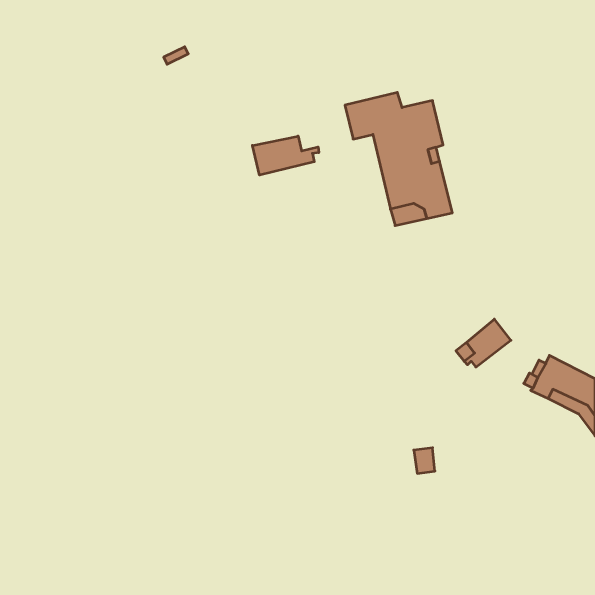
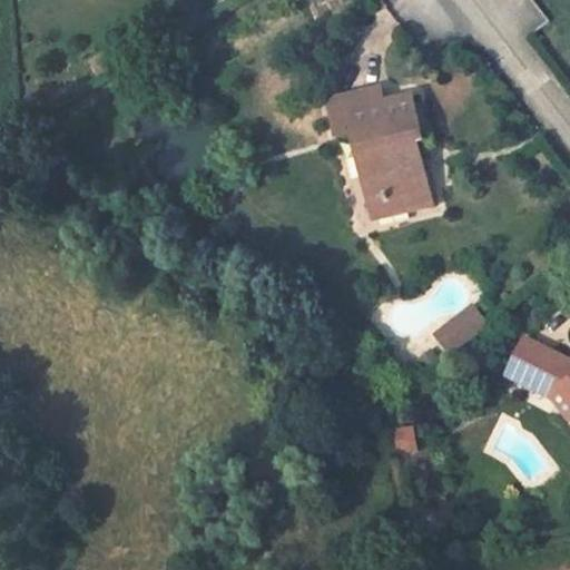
building: [252,136,319,175] -> none

